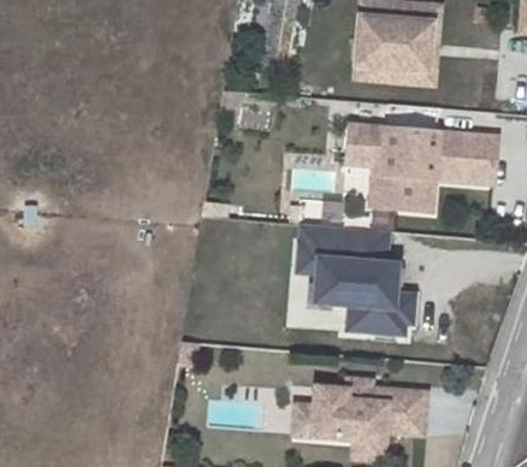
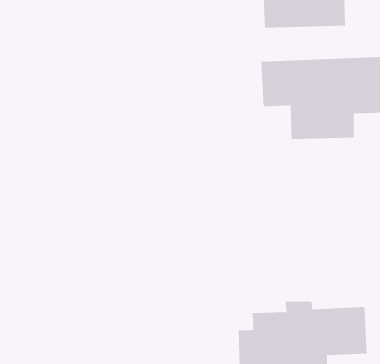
building: [294,226,420,337] -> none

